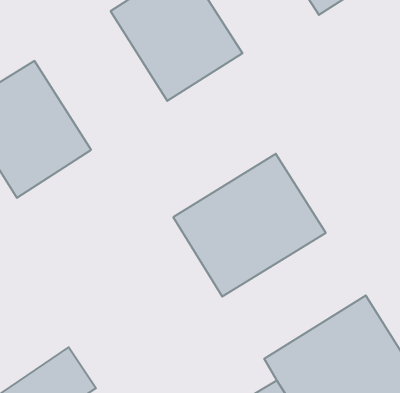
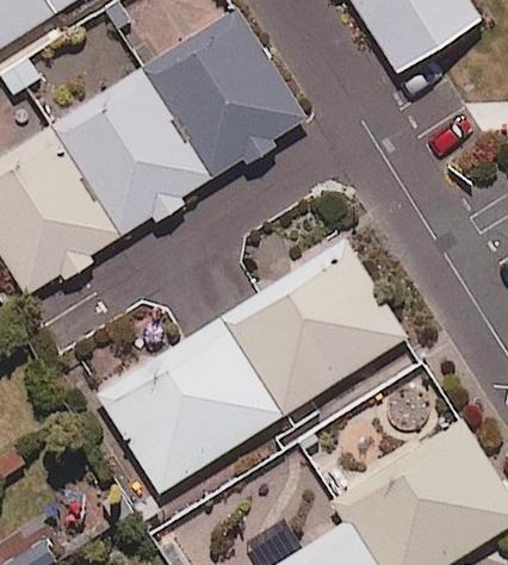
building: none -> [50,68,212,237]
building: none -> [98,319,279,492]

